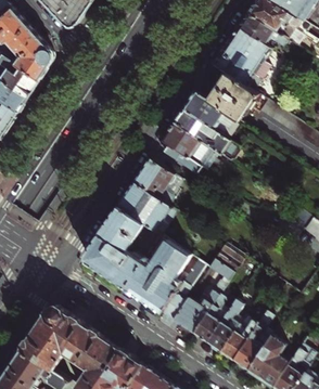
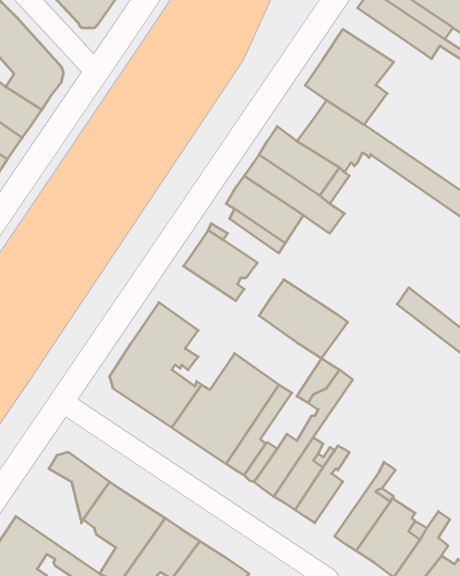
building: [238,12,292,56] -> none
building: [116,182,175,234] -> [259,279,348,358]
building: [219,313,261,360] -> none
building: [22,315,65,368] -> none

